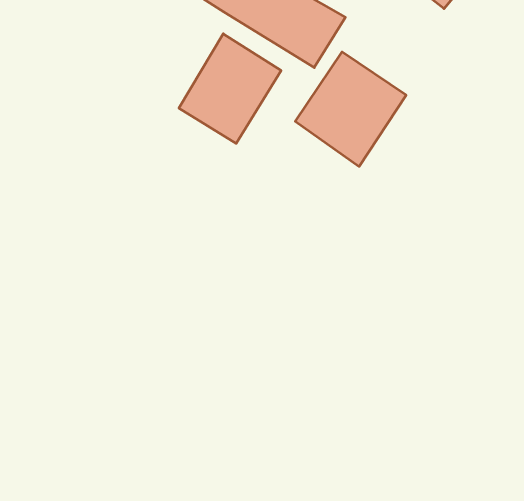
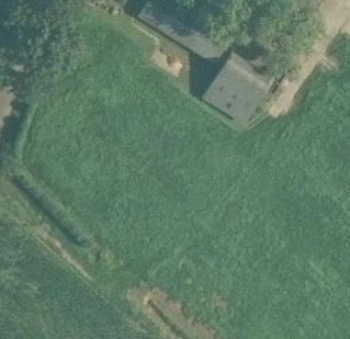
building: [179,34,281,143] -> none

